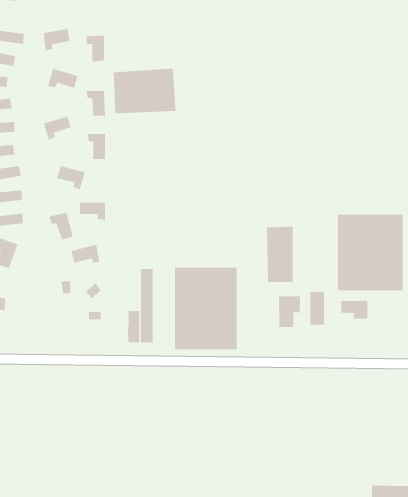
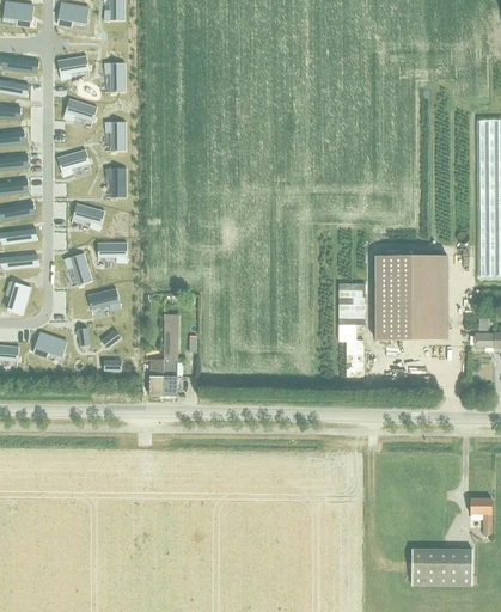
building: [113,68,177,114] -> none
building: [266,226,294,283] -> none
building: [174,267,238,350] -> none
building: none -> [32,330,66,356]
building: [278,295,301,328] -> none
building: [341,300,368,319] -> none

